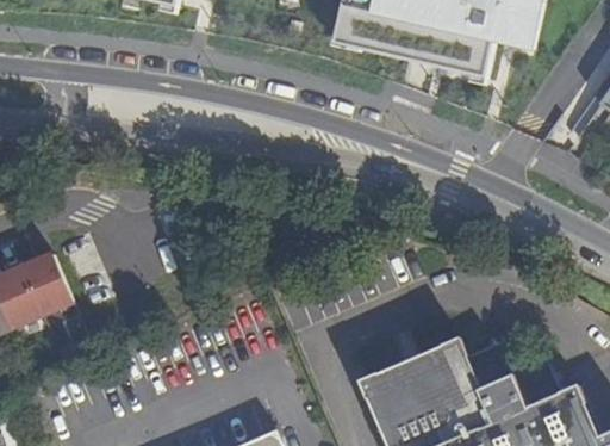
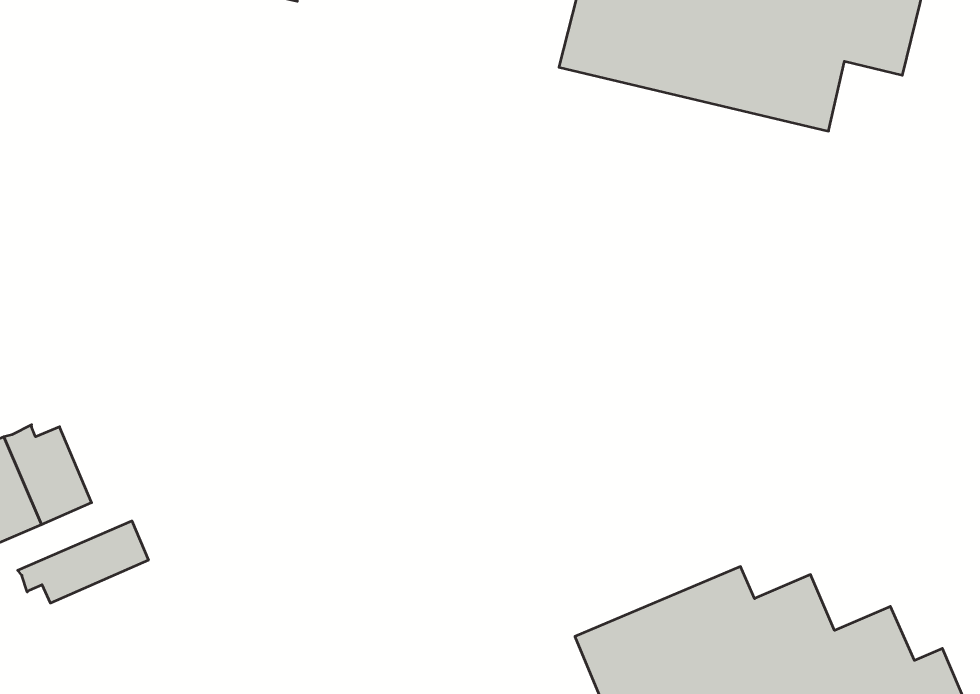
building: none -> [18,521,148,603]

